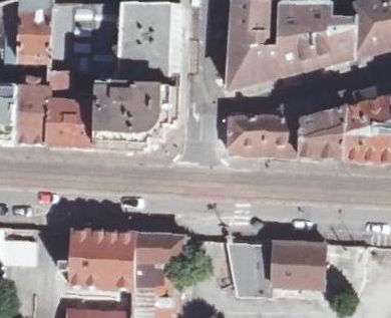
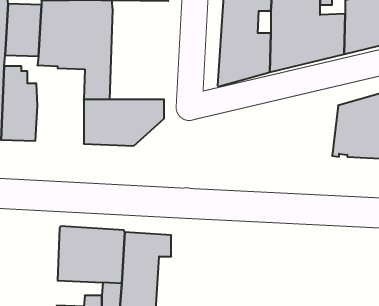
building: [121,13,178,102] -> none
building: [47,68,95,146] -> none
building: [228,90,349,160] -> none
building: [275,244,325,286] -> none
building: [231,248,256,295] -> none

